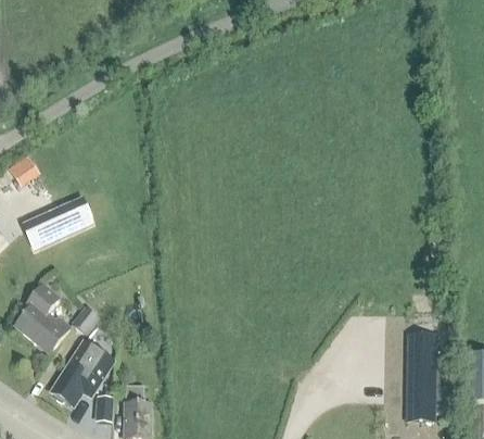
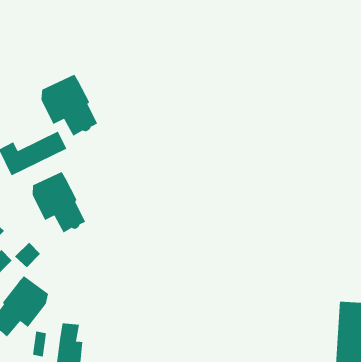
building: none -> [41,74,98,136]
building: none -> [32,171,86,233]

